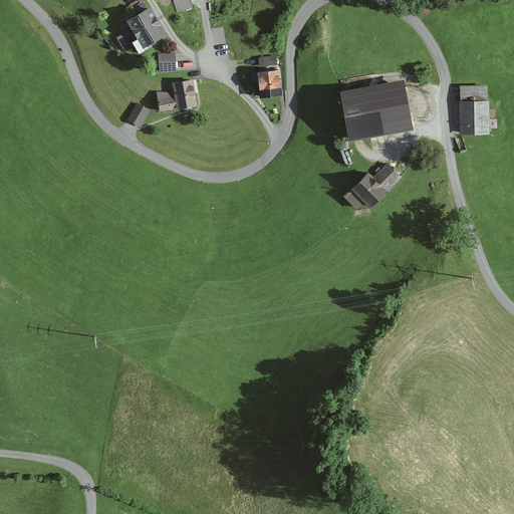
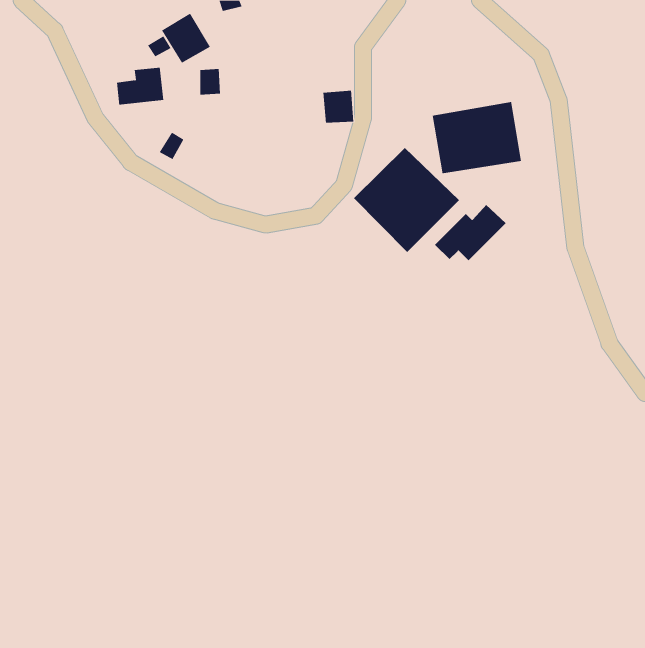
building: [158,81,196,111] -> [116,67,164,105]
building: [459,84,488,135] -> none
building: none -> [353,147,460,253]

